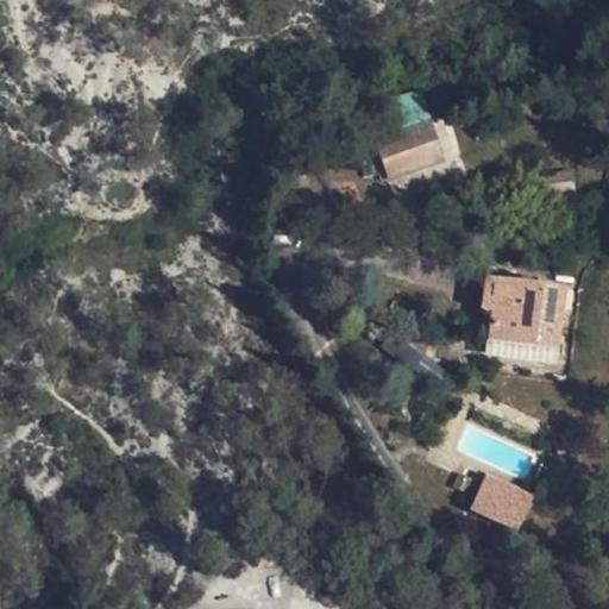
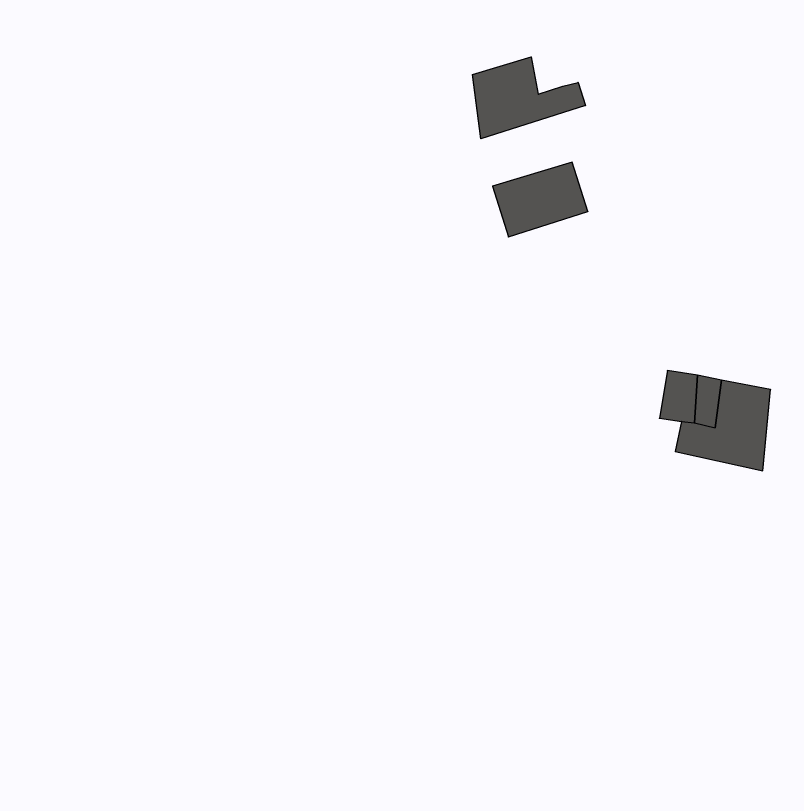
building: none -> [472,57,585,139]
building: [463,472,529,529] -> none

